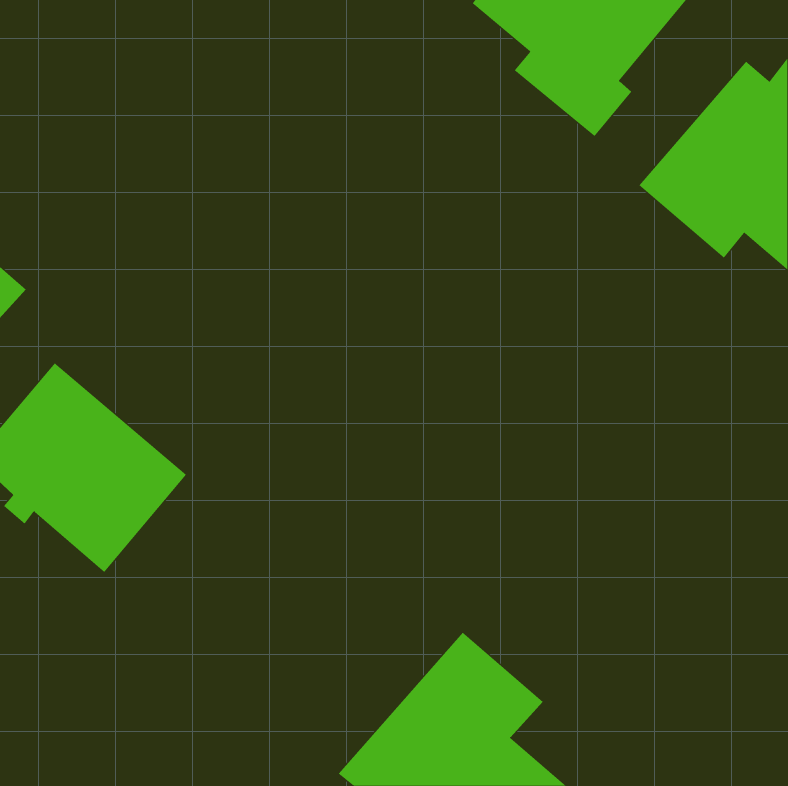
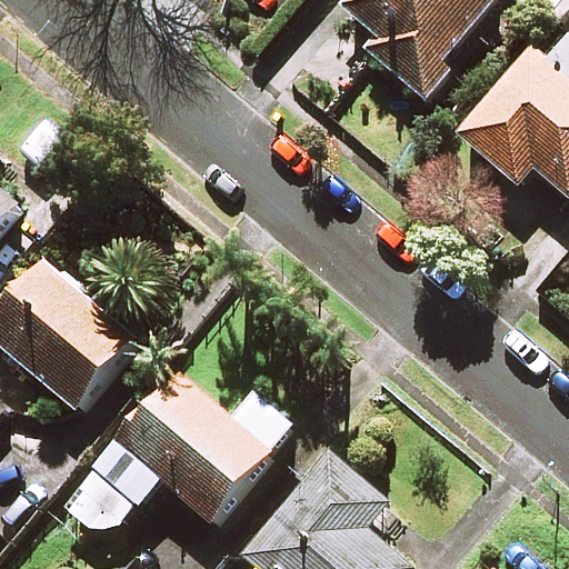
building: none -> [68,371,291,535]

